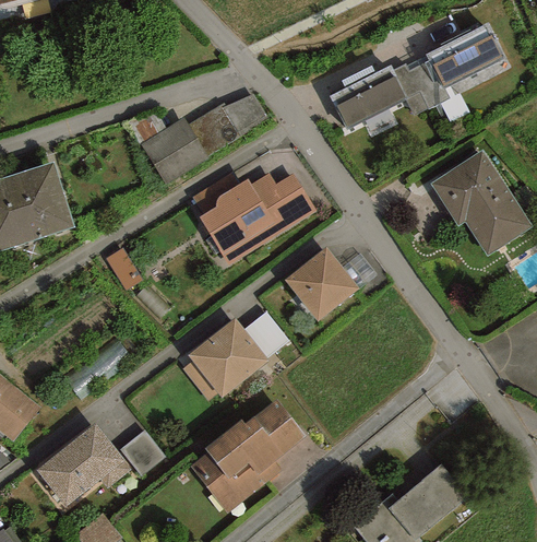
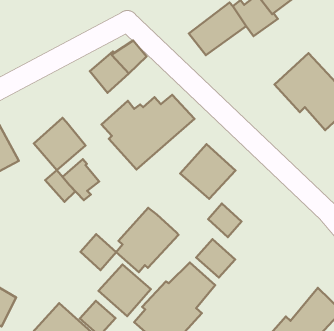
building: [140,117,207,185] -> [34,118,85,170]
building: none -> [63,159,99,200]
building: [243,311,287,357] -> [208,203,242,237]
building: none -> [80,234,116,270]
building: none -> [196,239,235,278]
building: none -> [99,265,151,316]

